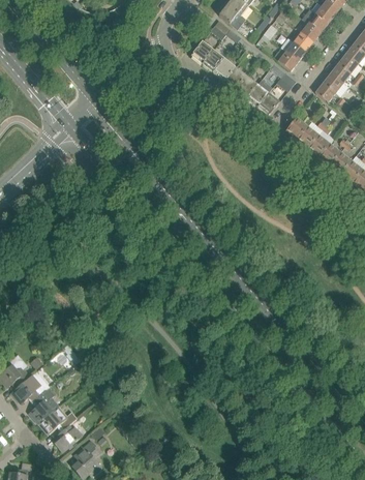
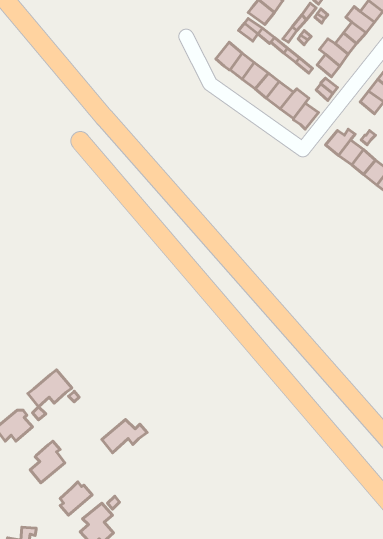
building: [11,370,50,402] -> [28,370,72,407]
building: [38,406,78,434] -> [102,419,147,453]

